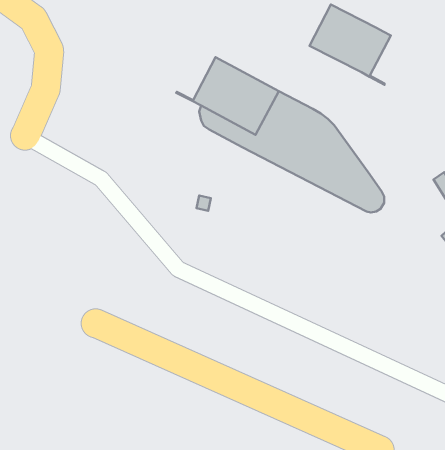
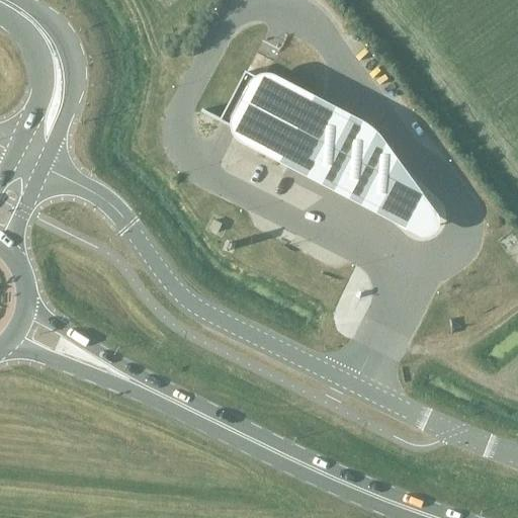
building: [309,5,391,85] -> none

